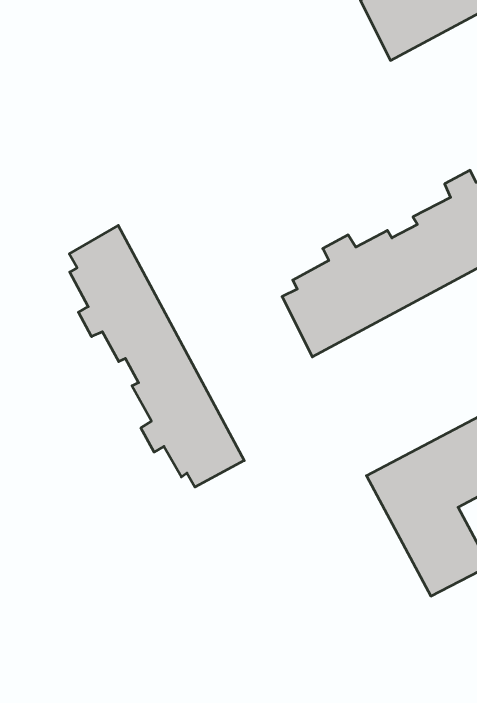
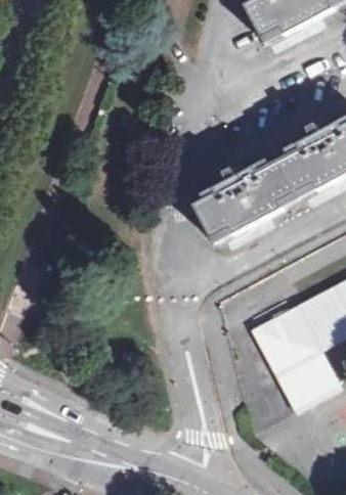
building: [69,225,244,487] -> none

